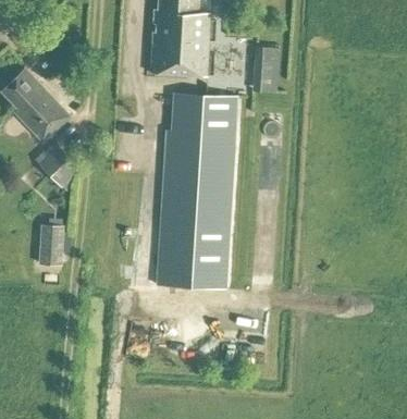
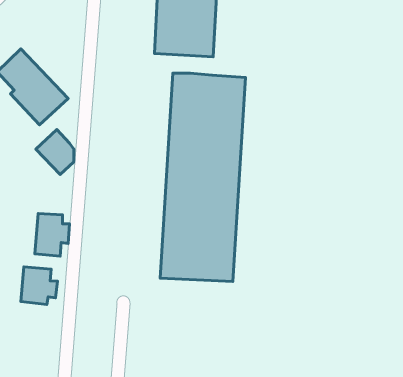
building: [254,46,279,91] -> none
building: none -> [21,267,58,305]

